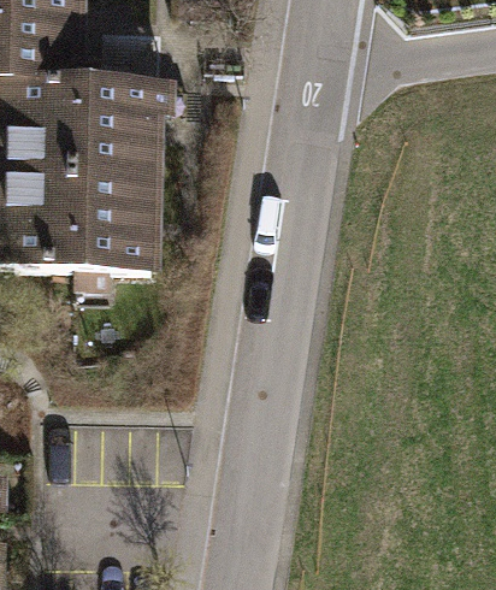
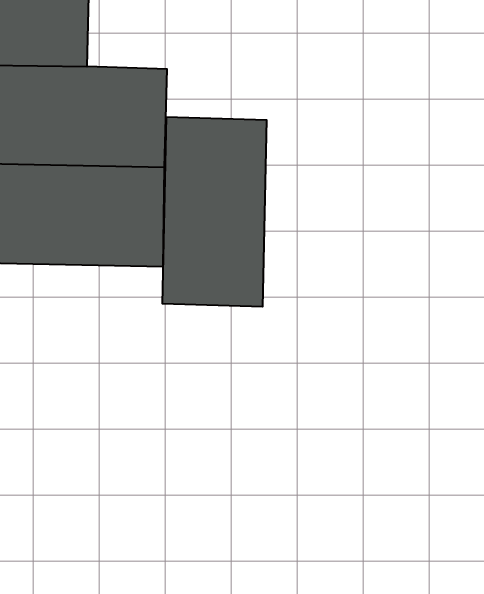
building: none -> [162,117,267,307]

